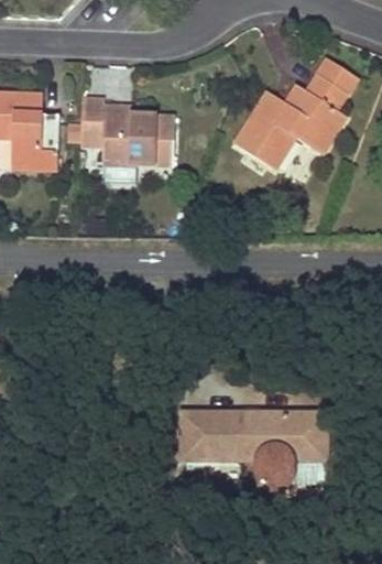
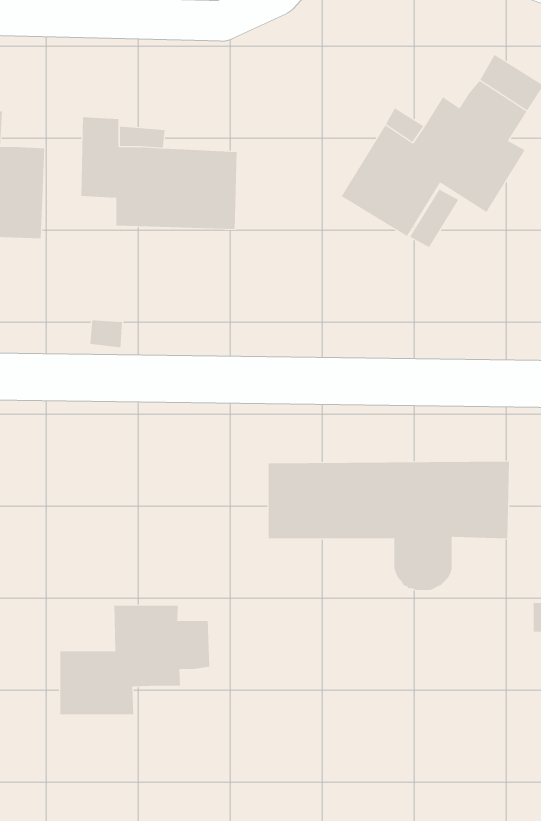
building: none -> [60,605,210,715]
building: [181,411,325,488] -> [268,461,510,591]

